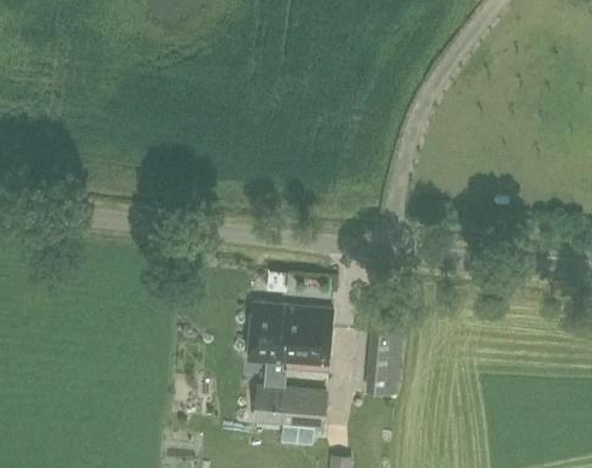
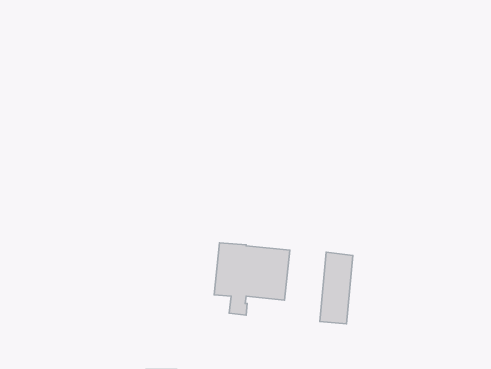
building: [253,381,326,427] -> none

